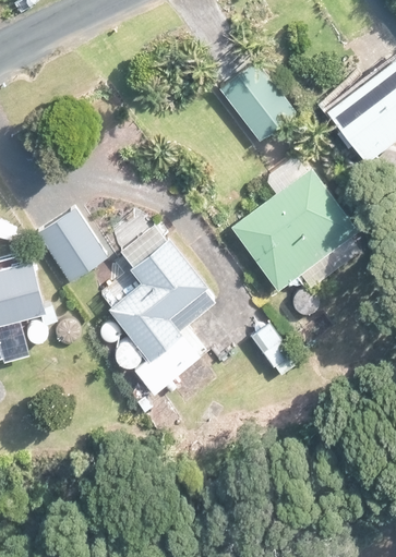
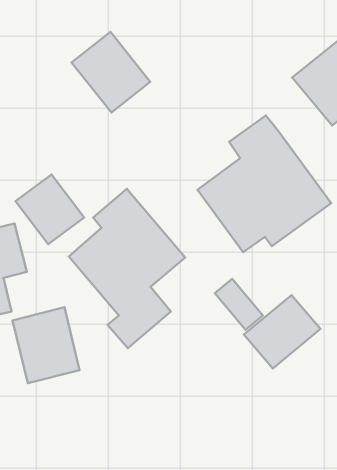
building: [215,58,299,144] -> [72,32,150,113]
building: none -> [244,295,320,368]
building: none -> [13,307,80,383]

